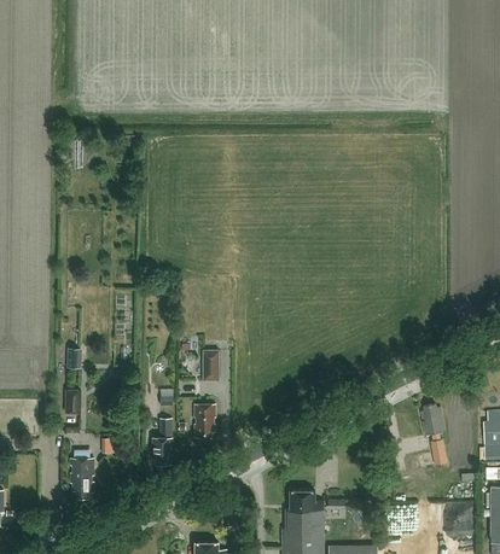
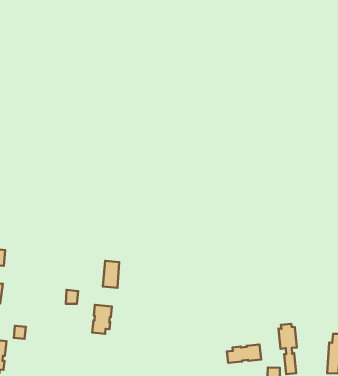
building: [153,418,173,465] -> none
building: none -> [227,345,261,363]

